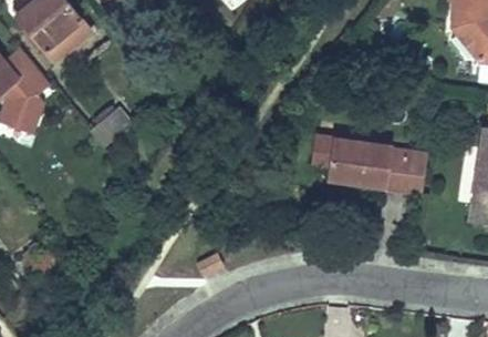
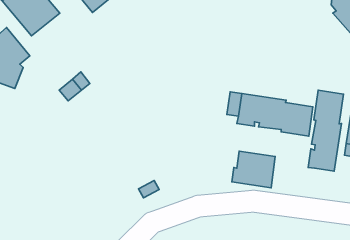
building: none -> [308,90,344,171]
building: none -> [232,151,275,188]

